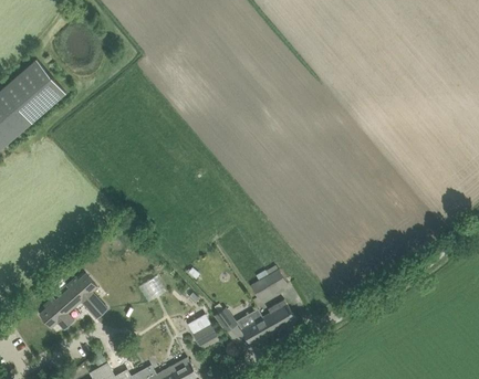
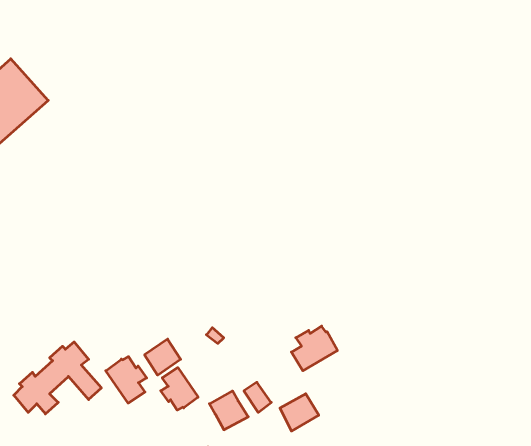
building: none -> [106,357,147,403]
building: none -> [161,368,198,410]
building: [262,299,295,334] -> none

